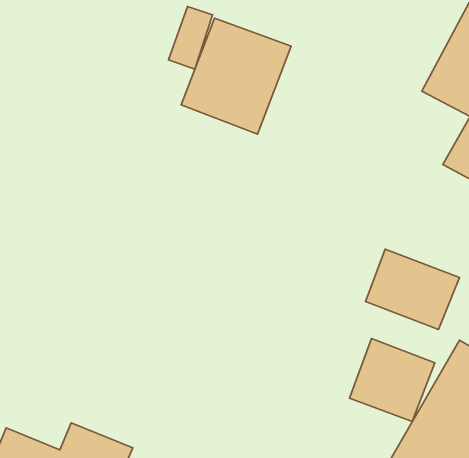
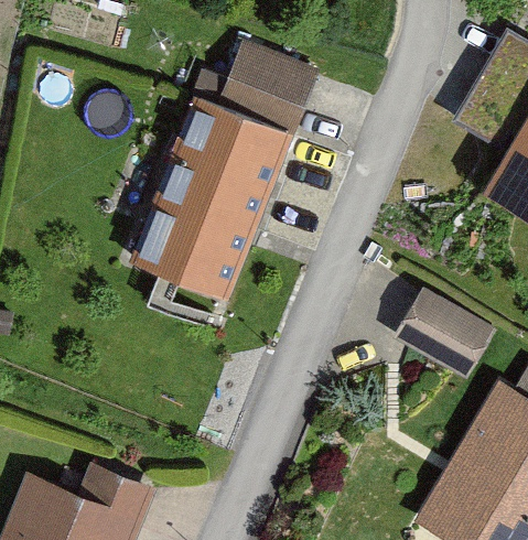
building: none -> [127,123,284,303]
building: [350,339,435,422] -> none

